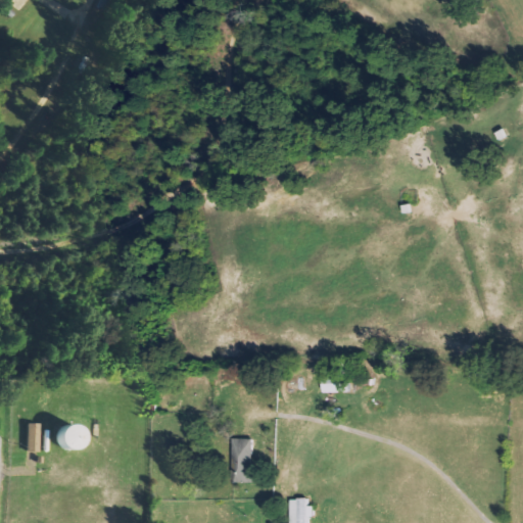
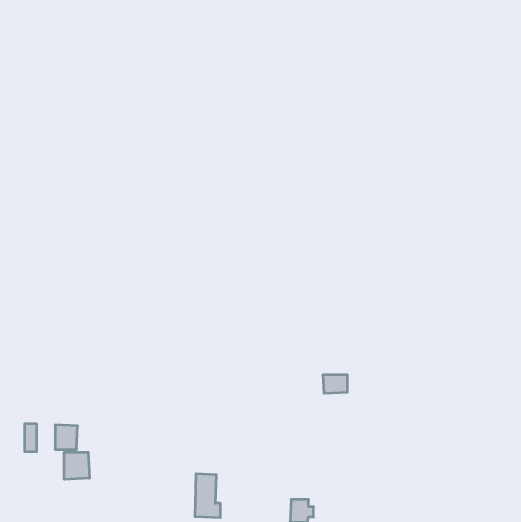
building: [232,438,257,482] -> [195,474,220,518]
building: none -> [64,452,89,479]

